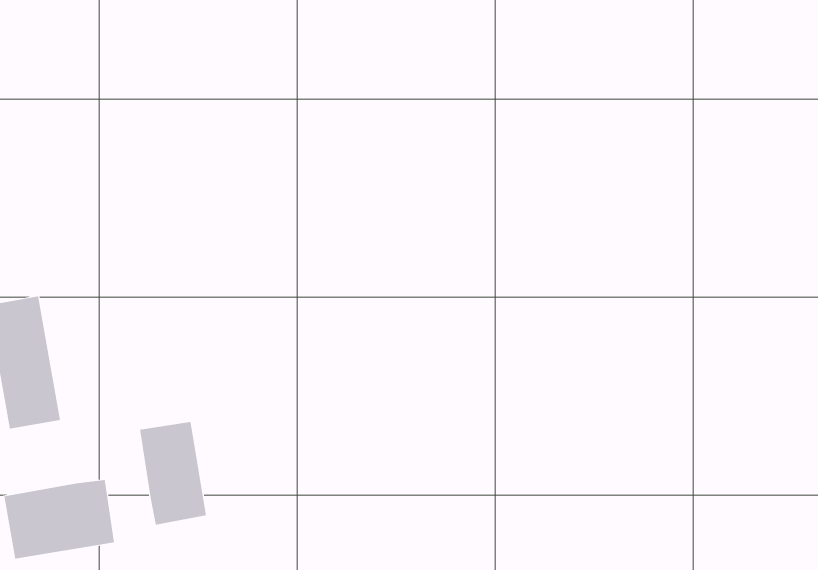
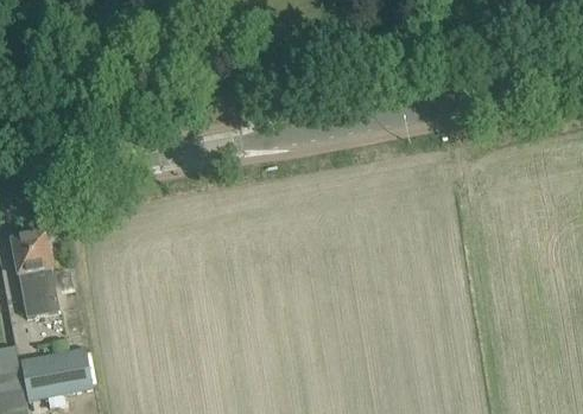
building: [139,421,207,525] -> none

